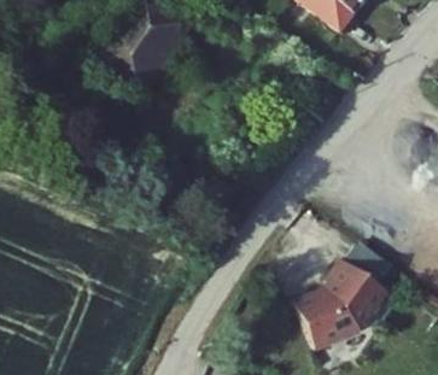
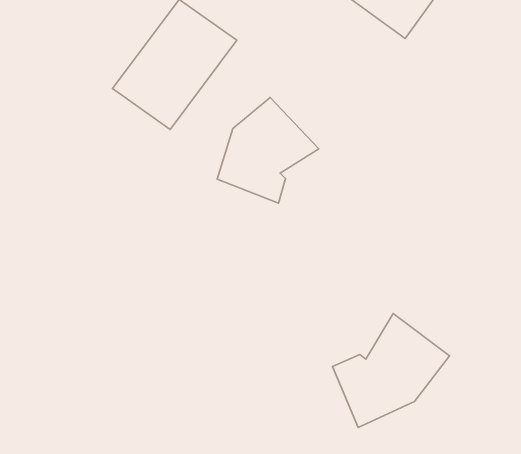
building: none -> [217,98,319,203]

